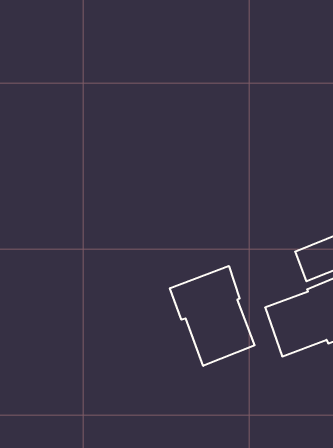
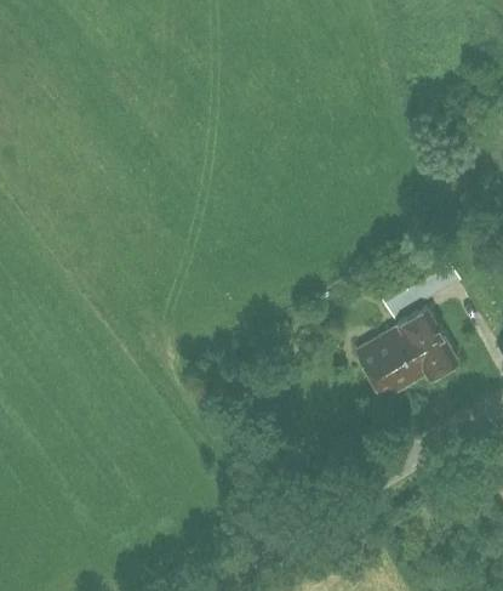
building: [170,266,255,366] -> none

